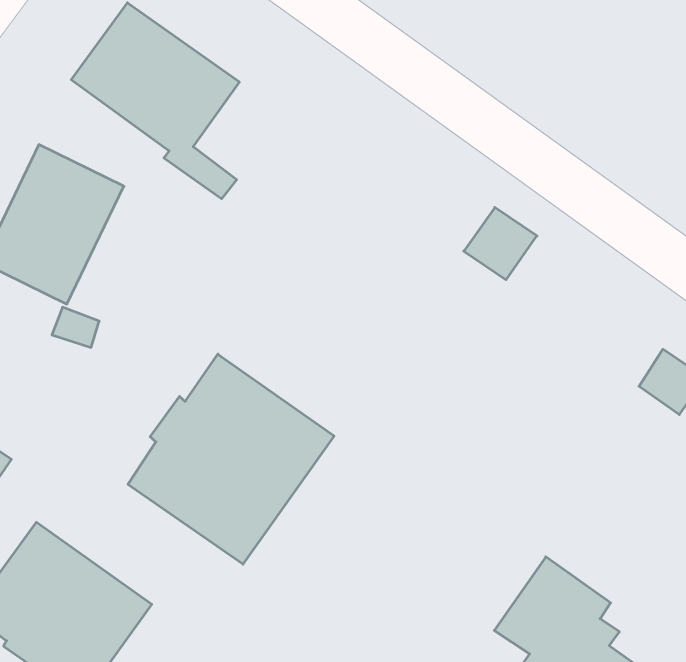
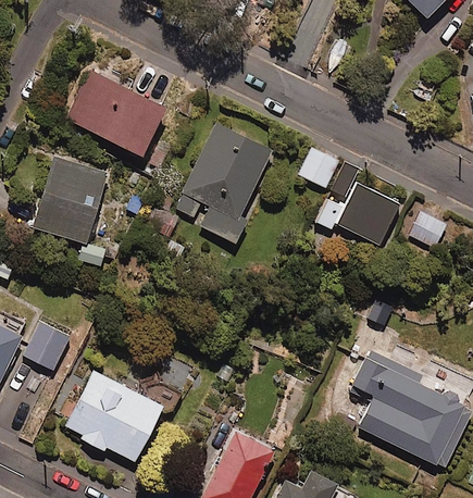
building: none -> [173,122,271,242]
building: none -> [316,184,398,245]
building: [128,354,334,564] -> none

